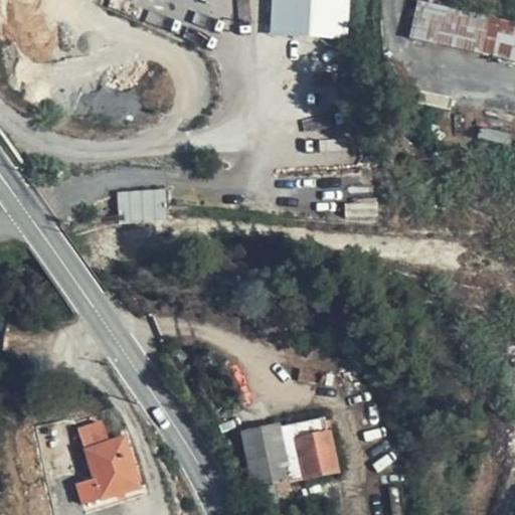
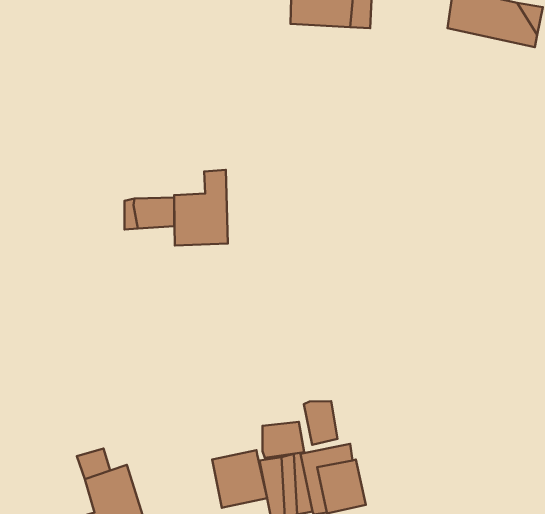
building: none -> [174,170,228,246]
building: none -> [304,401,337,445]
building: none -> [262,422,304,458]
building: none -> [212,450,267,508]

